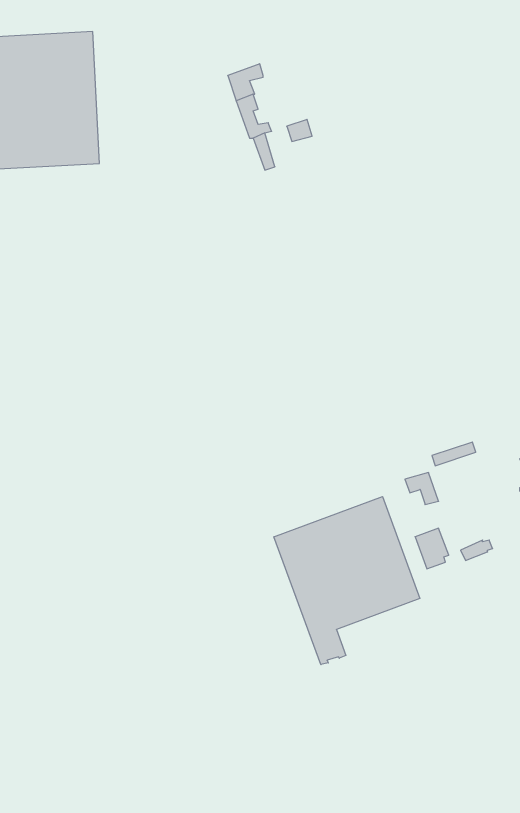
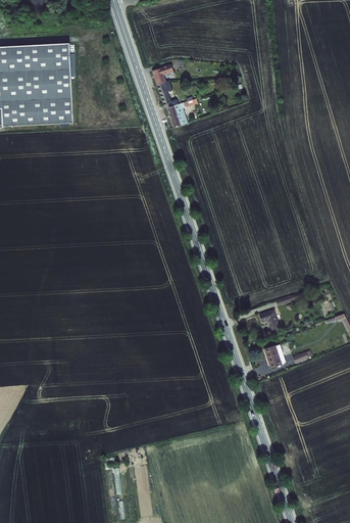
building: [274,497,420,665] -> none

